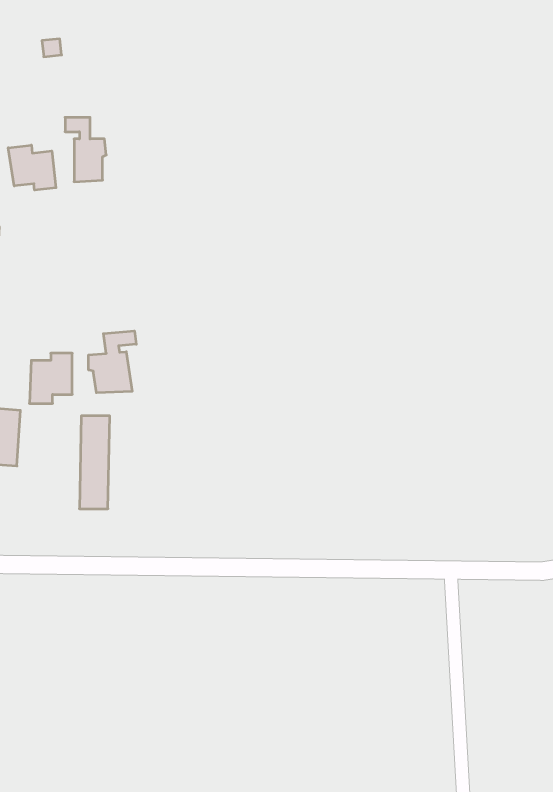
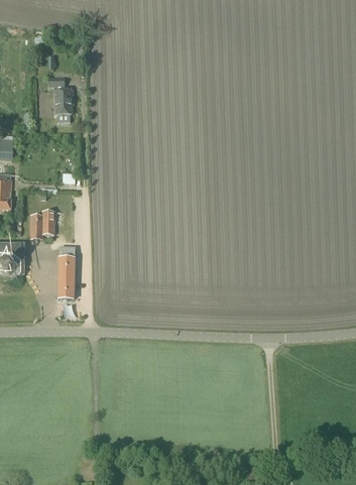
building: [8,145,56,190] -> none
building: [89,331,136,393] -> none

